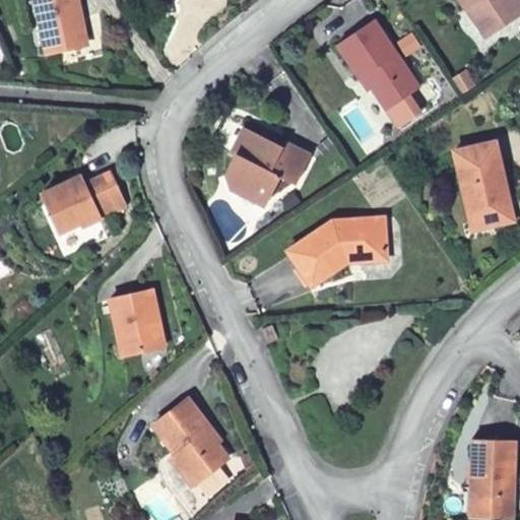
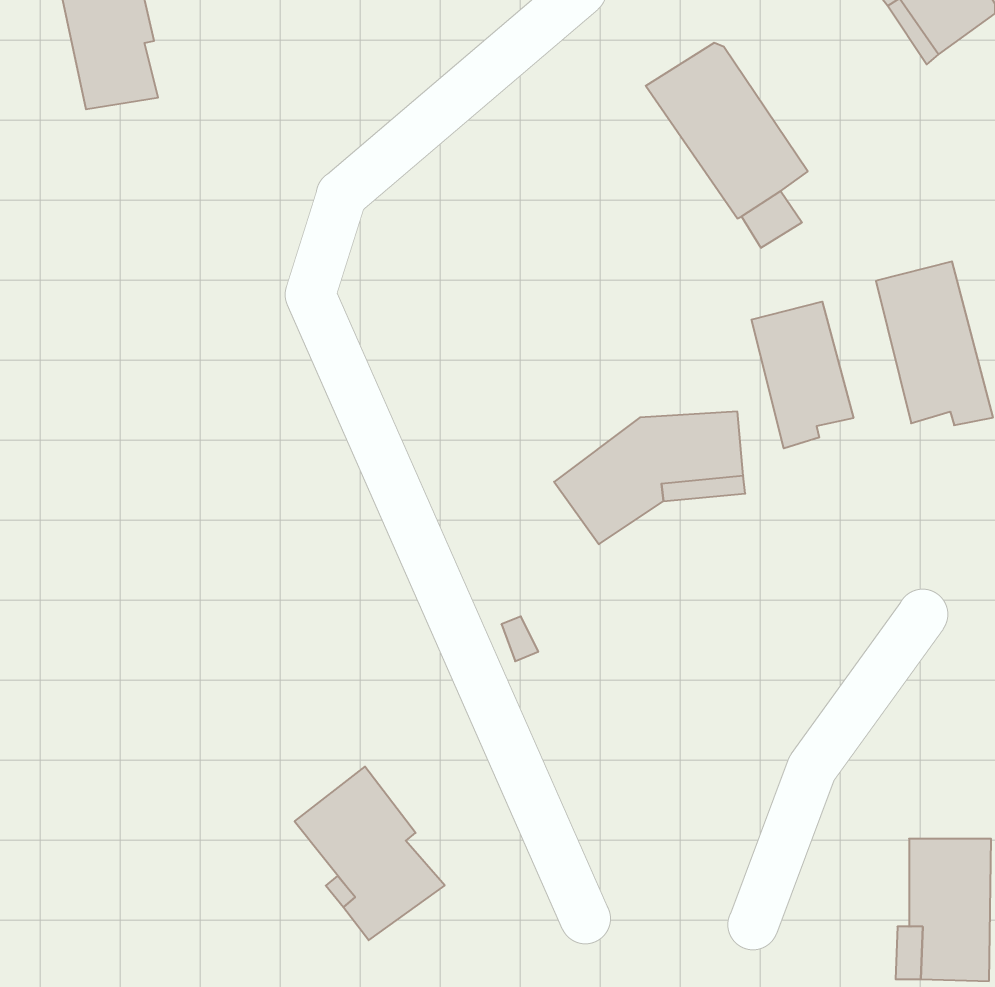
building: [230,131,314,207] -> none
building: none -> [752,302,853,448]
building: [46,176,123,235] -> none
building: [109,291,166,359] -> none

